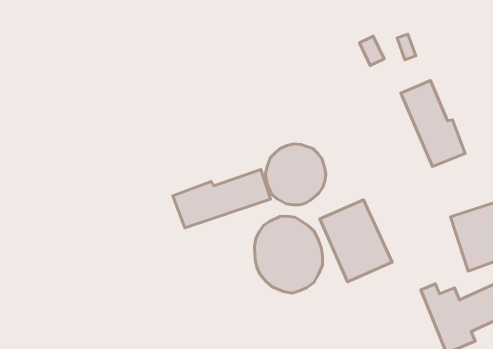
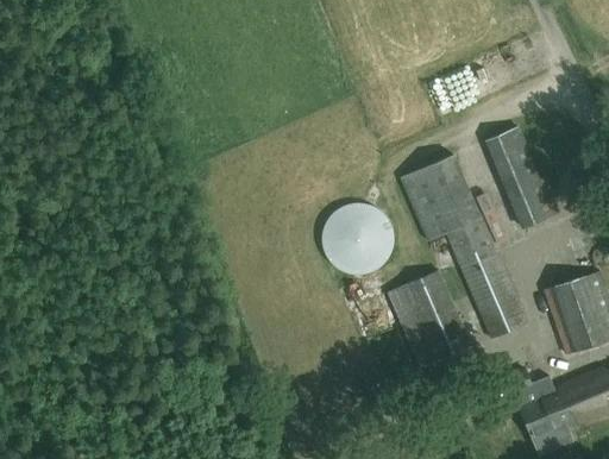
building: none -> [401,153,527,339]
building: [173,169,271,228] -> none
building: [254,216,322,293] -> none

